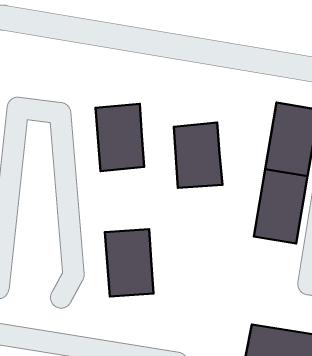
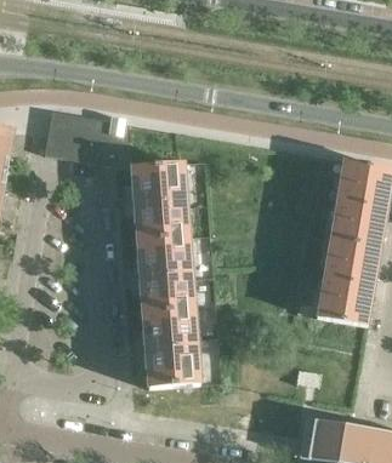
building: none -> [44,112,130,166]
building: [174,123,222,188] -> [136,235,193,311]

